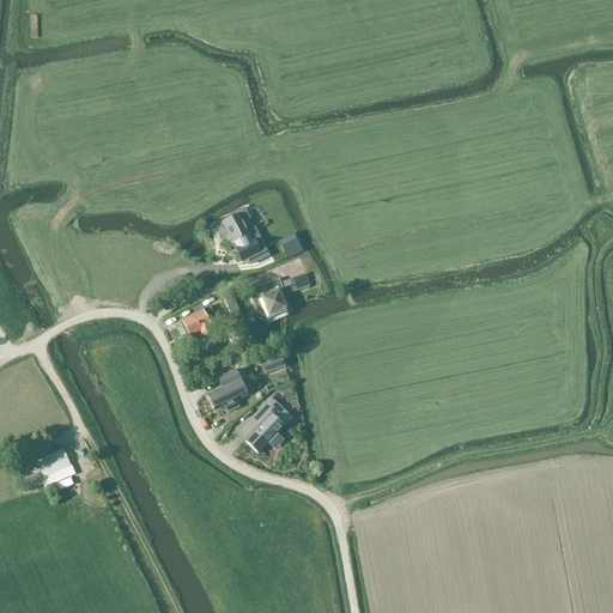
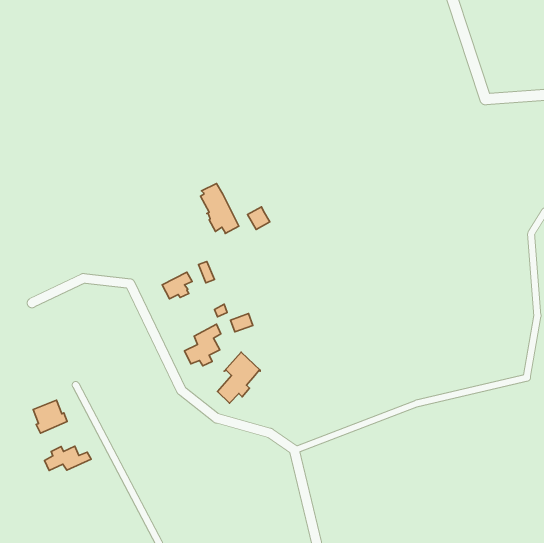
building: [251,275,302,314] -> none
building: none -> [44,446,91,470]

